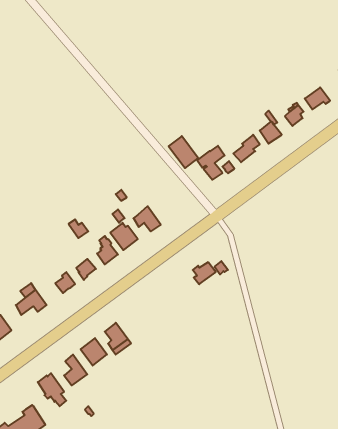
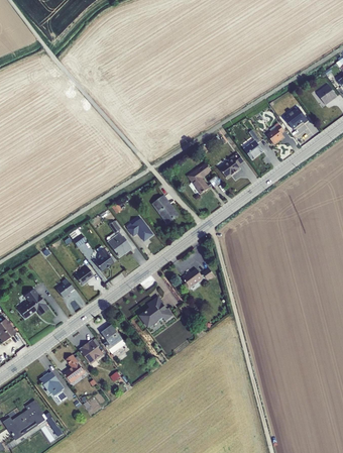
building: [169,136,198,168] -> [151,194,179,223]
building: none -> [138,295,173,327]

